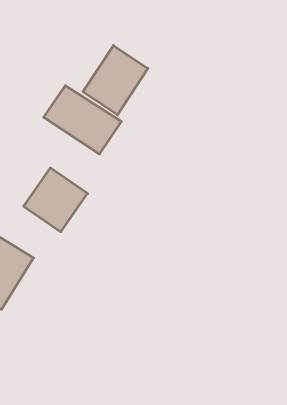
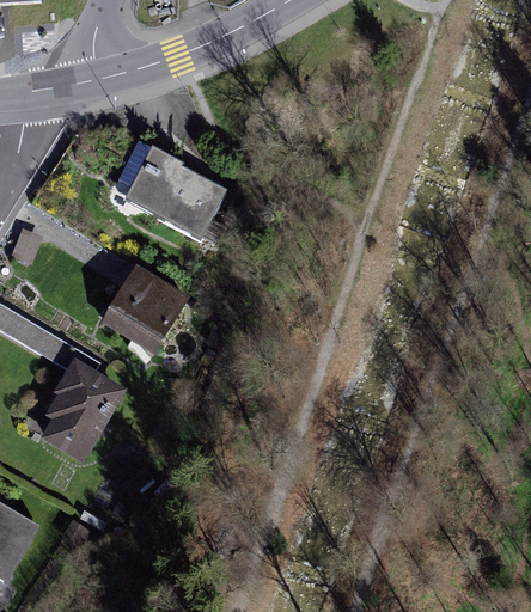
building: [83,45,148,115] -> none

